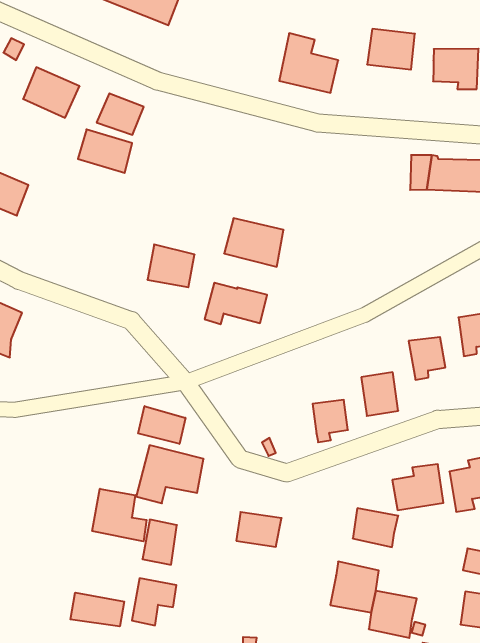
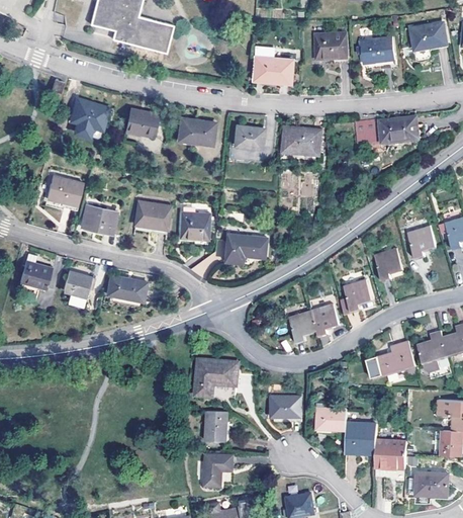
building: [78,129,132,173] -> [177,117,214,145]
building: none -> [234,125,263,149]
building: none -> [80,205,116,234]
building: [224,218,284,267] -> [280,126,320,157]
building: none -> [133,202,169,230]
building: none -> [106,274,147,303]
building: none -> [288,311,316,344]
building: [138,406,185,444] -> none
building: [92,489,147,541] -> none
building: [353,508,398,547] -> [316,408,347,432]
building: [70,593,124,626] -> none

